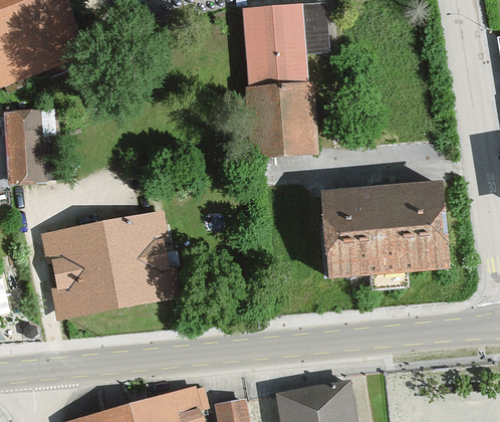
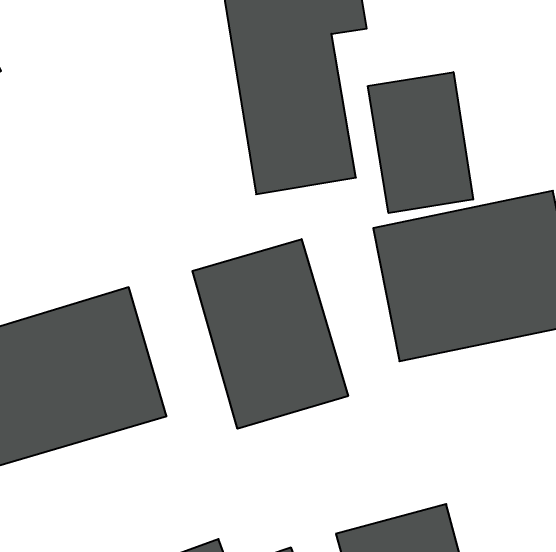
building: none -> [368,72,473,213]
building: none -> [192,239,348,429]

